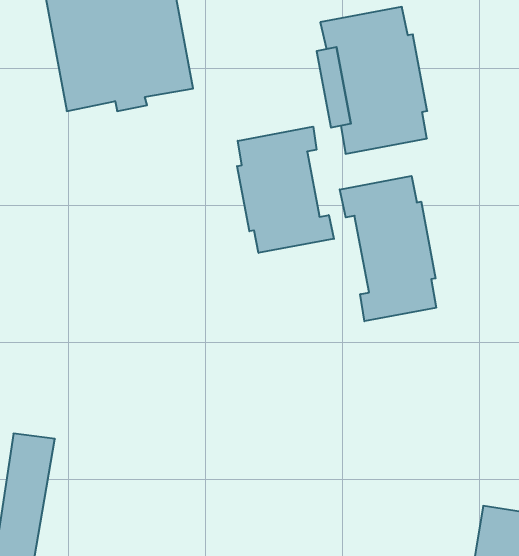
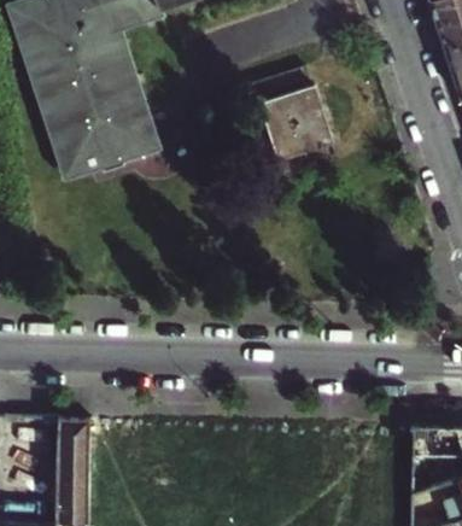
building: [237,127,334,253] -> none
building: [340,176,436,321] -> none

